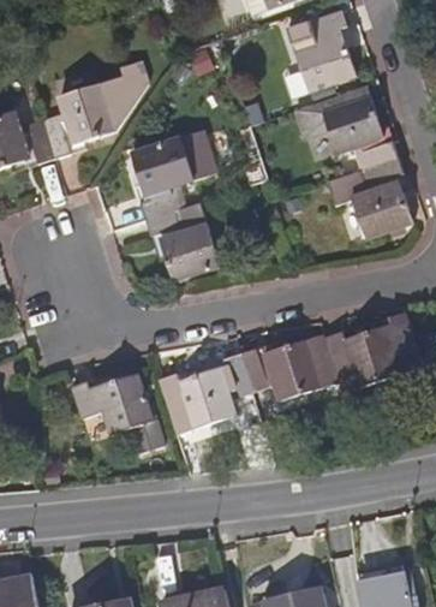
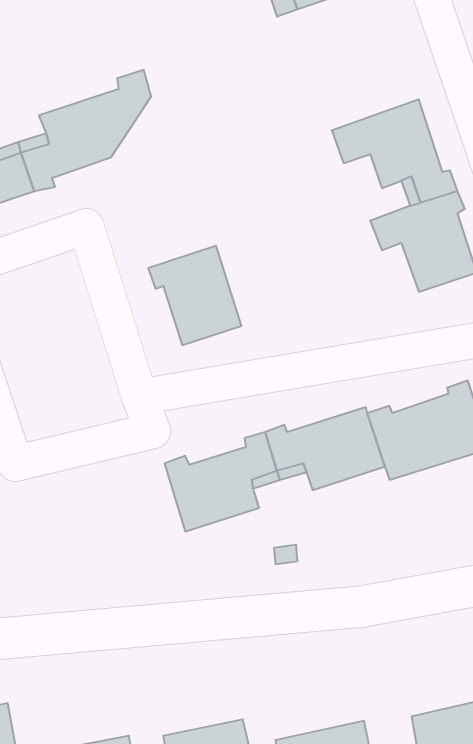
building: [286,10,357,93] -> none
building: [131,131,216,220] -> none
building: [71,373,162,453] -> none

